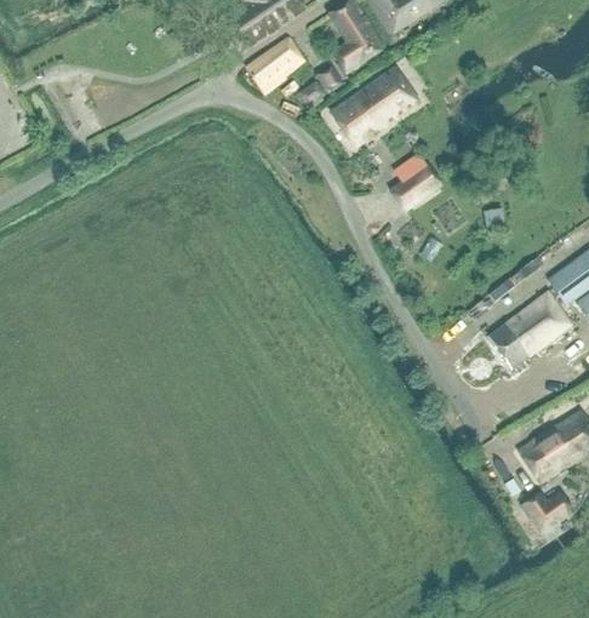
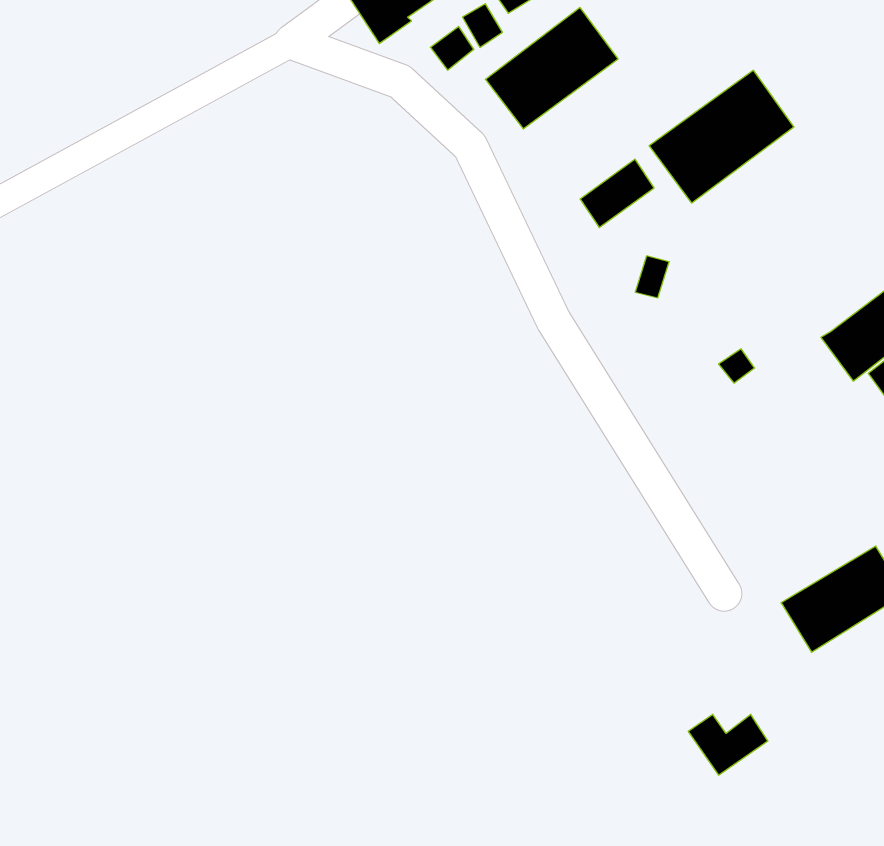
building: none -> [649,70,794,203]
building: [488,290,572,367] -> none
building: [524,491,574,530] -> [688,714,768,775]

